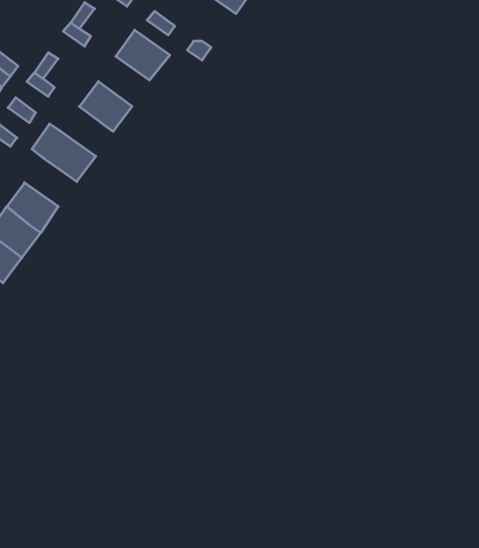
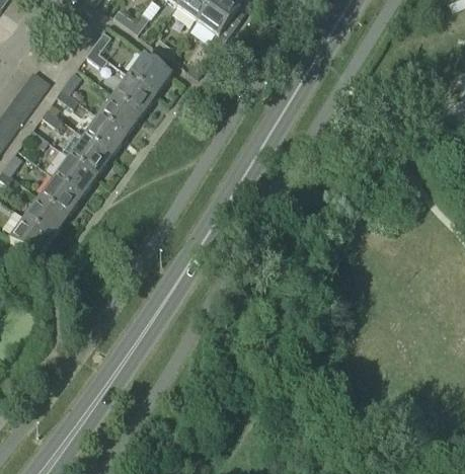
building: none -> [113,74,155,114]
building: none -> [83,114,126,155]
building: none -> [54,156,96,195]

